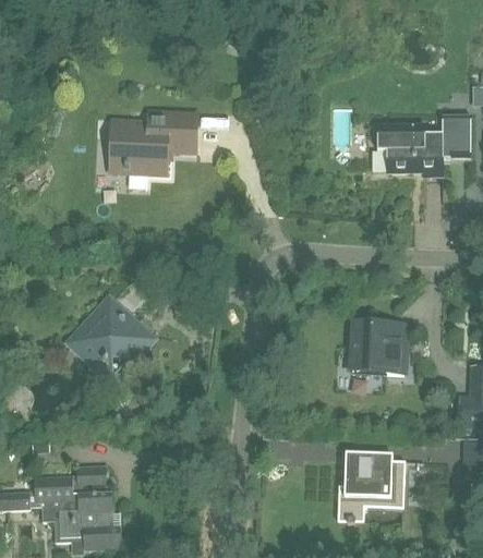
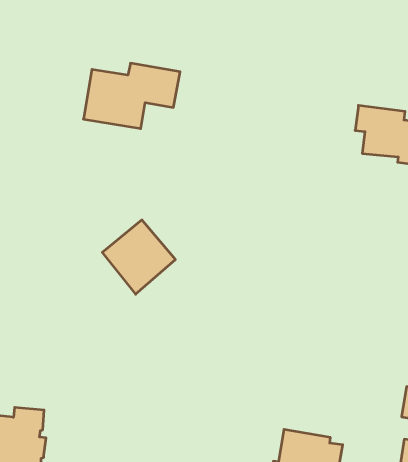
building: [75,303,148,377] -> [102,220,175,294]
building: [352,319,406,374] -> none

